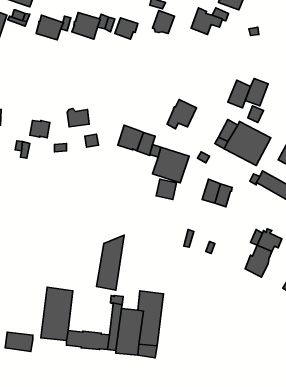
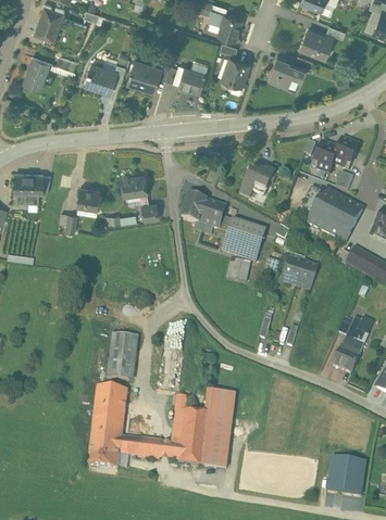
building: none -> [107,332,134,379]
building: [5,332,33,352] -> [87,444,120,467]
building: none -> [326,456,366,495]

